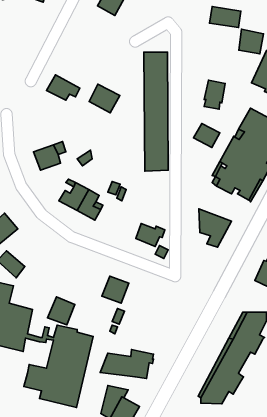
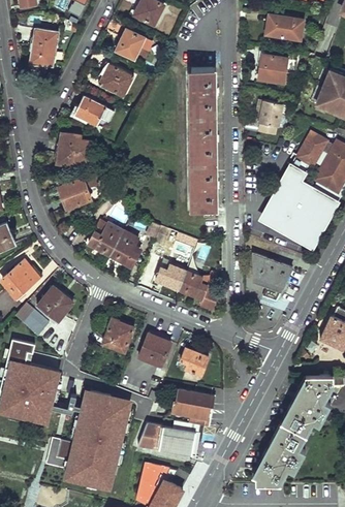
building: none -> [30,29,57,65]
building: none -> [118,30,148,62]
building: [239,29,263,54] -> [258,55,287,84]
building: [89,84,120,113] -> [98,64,134,98]
building: none -> [57,134,91,165]
building: [194,123,220,148] -> none
building: none -> [156,265,185,289]
building: none -> [36,287,72,323]
building: none -> [180,348,208,377]
building: [48,297,75,325] -> [101,318,133,351]
building: none -> [171,390,213,426]

